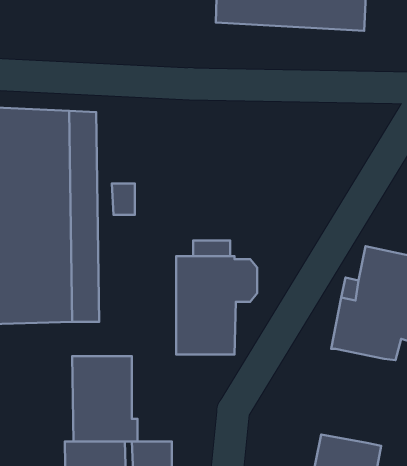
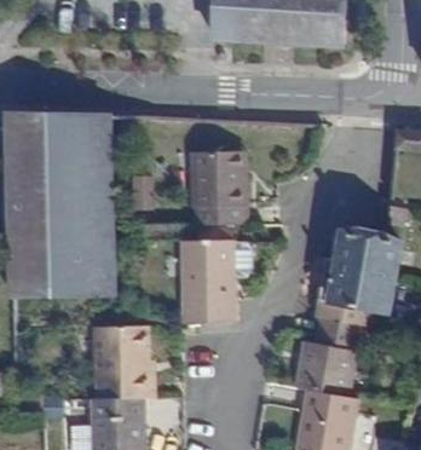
building: none -> [192,148,237,220]
building: none -> [294,318,359,398]

